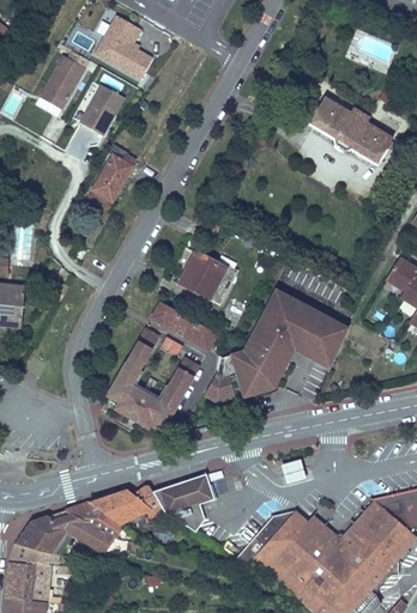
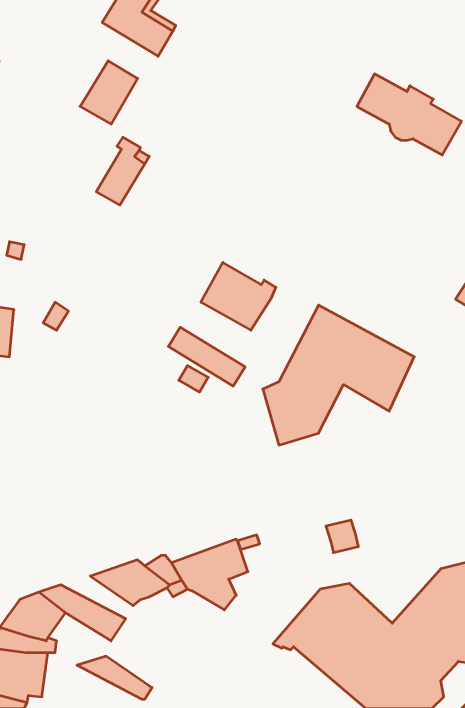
building: [40,55,85,108] -> none
building: [101,335,193,435] -> none
building: [207,380,236,408] -> none
building: [64,504,125,539] -> [77,656,152,699]

